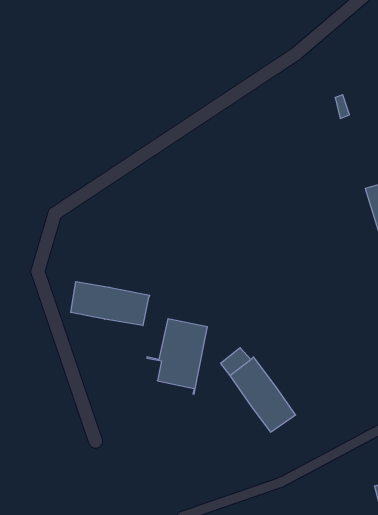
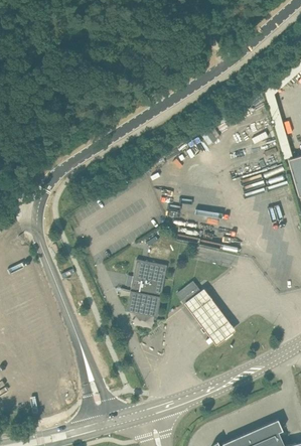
building: [71,282,150,326] -> none

